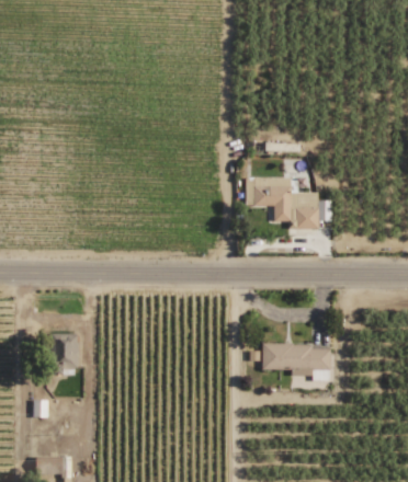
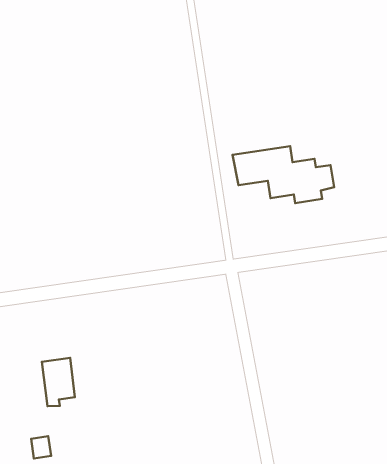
building: [261,343,329,386] -> none

